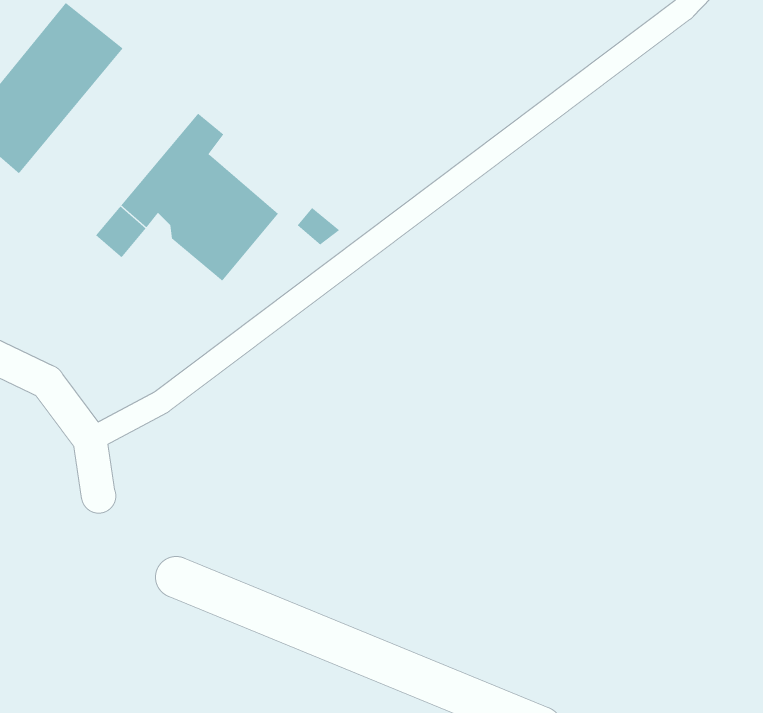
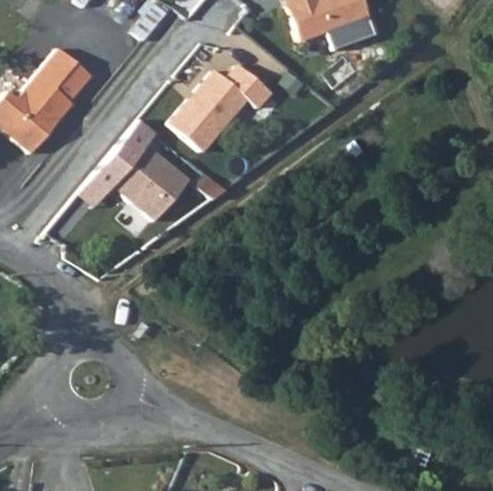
building: none -> [169,62,270,150]

